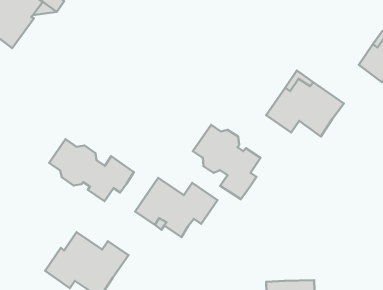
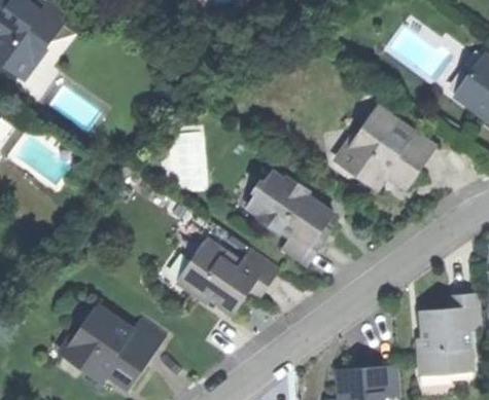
building: [49,139,134,201] -> none
building: none -> [418,295,479,374]

